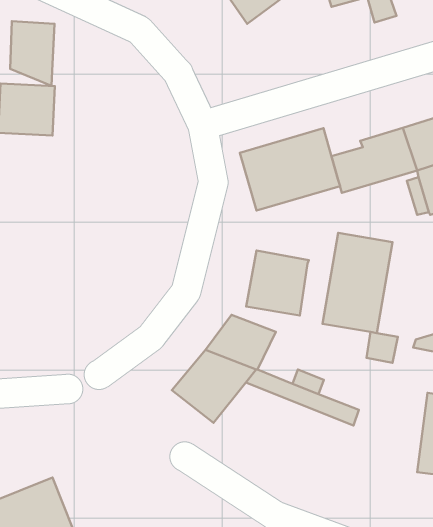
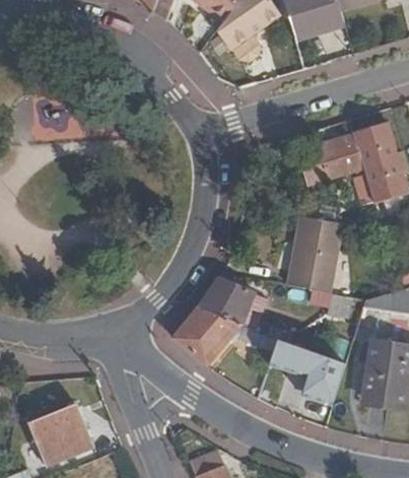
building: [10,21,54,86] -> none
building: [240,128,340,211] -> none
building: [246,251,309,316] -> none
building: none -> [304,353,342,402]

